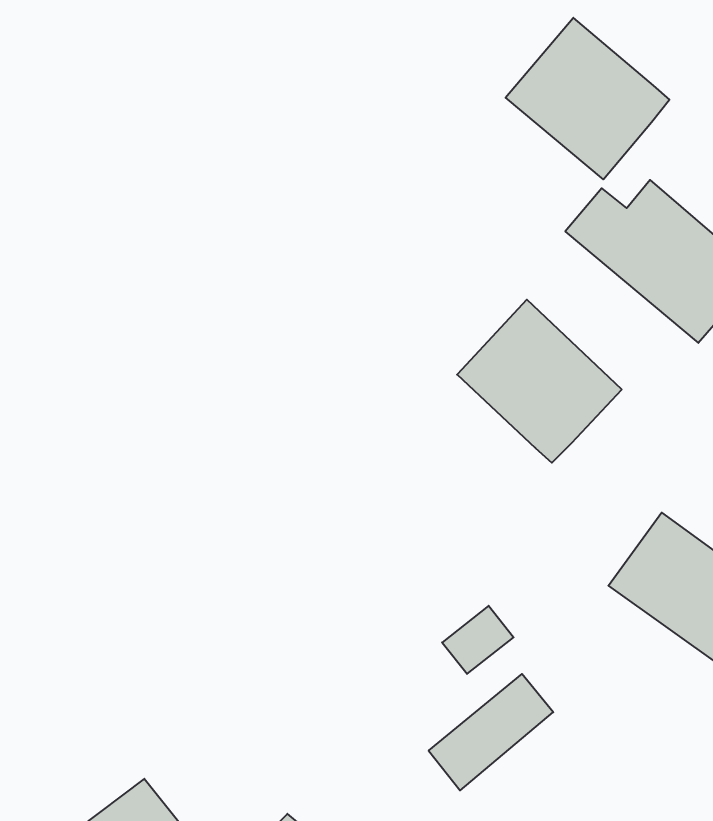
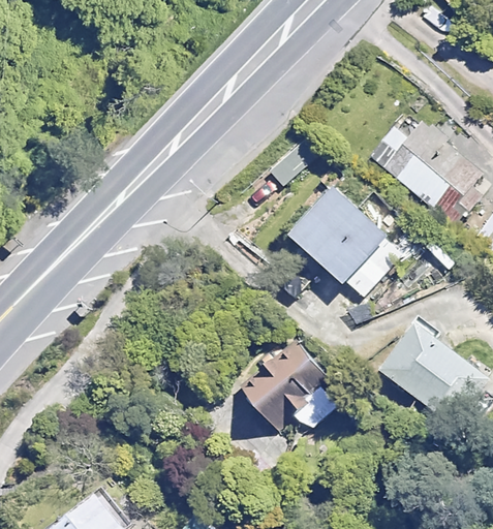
building: [506,18,669,179] -> none
building: [429,674,553,790] -> [241,344,318,416]

